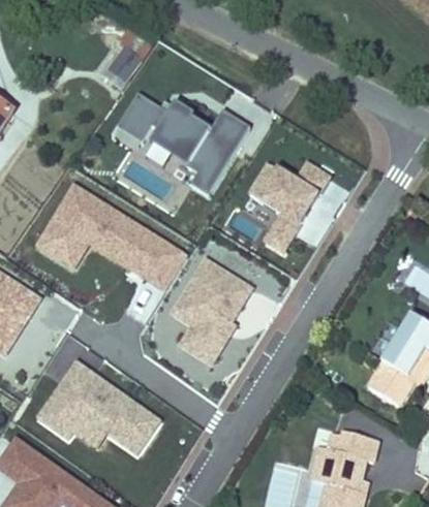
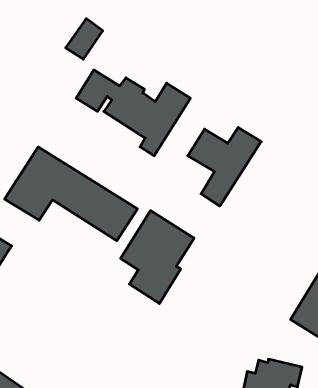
building: [35,359,161,454] -> none

